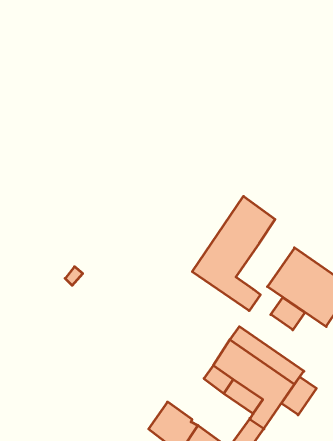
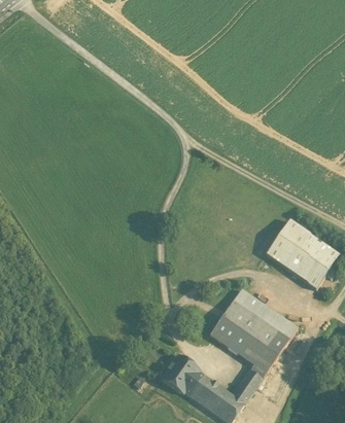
building: [192,196,275,311] -> none
building: [271,297,305,330] -> none
building: [282,377,316,415] -> none

